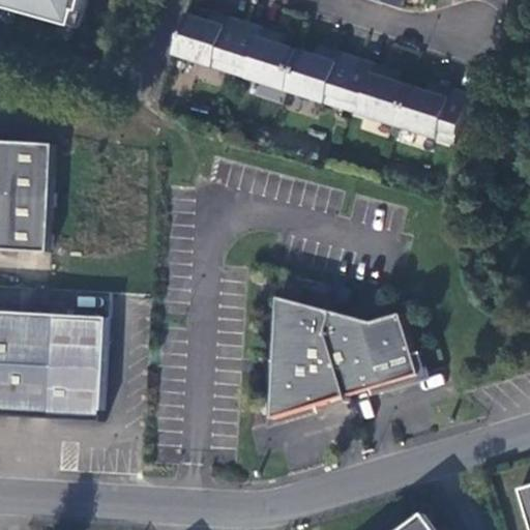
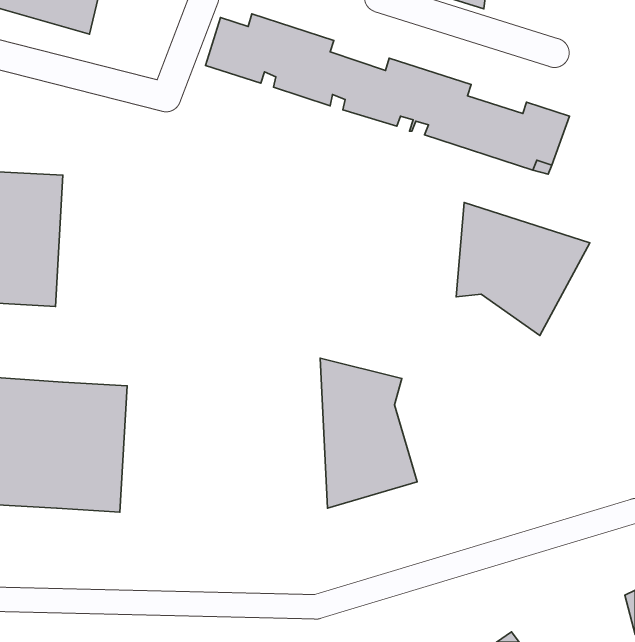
building: none -> [456,202,590,336]
building: [324,311,417,395] -> none

